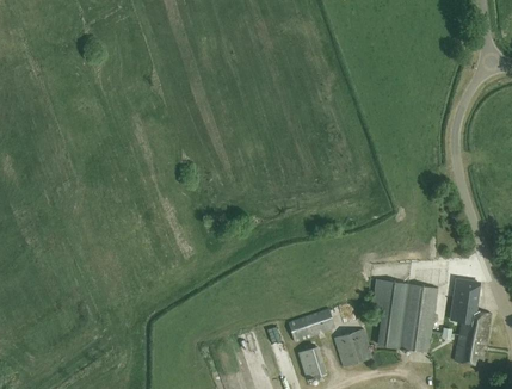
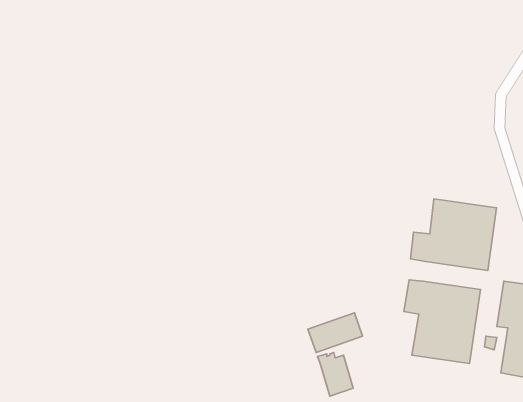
building: none -> [411,199,496,270]
building: [334,328,374,366] -> none

